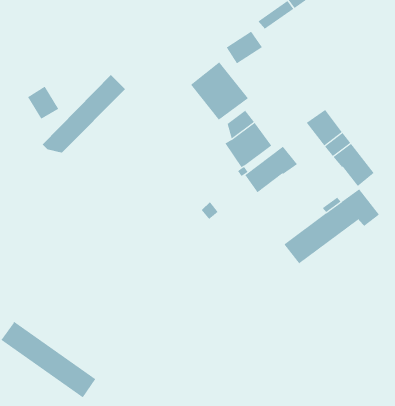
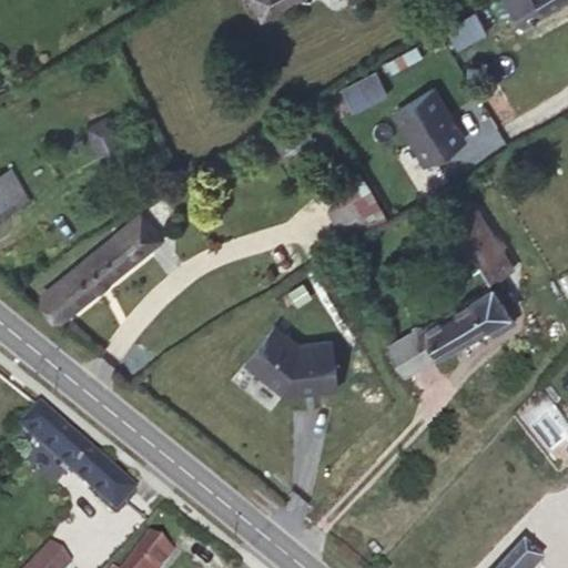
building: [190,62,249,121] -> [393,91,465,165]
building: [42,74,126,153] -> [45,219,159,312]
building: [244,146,298,193] -> none
building: none -> [244,328,338,399]

